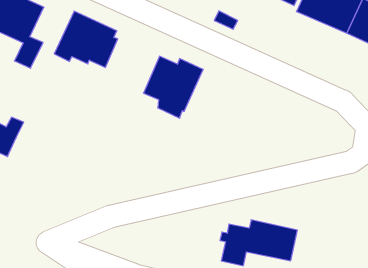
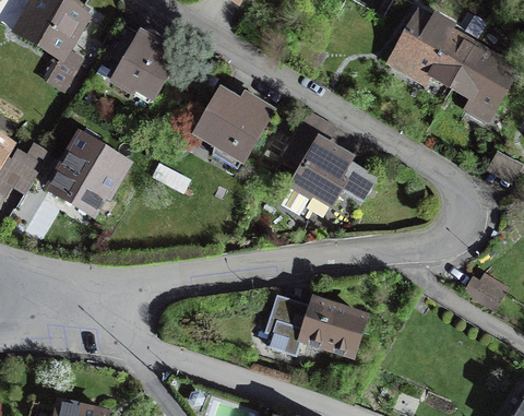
building: none -> [282,129,374,213]
building: none -> [50,135,129,209]

